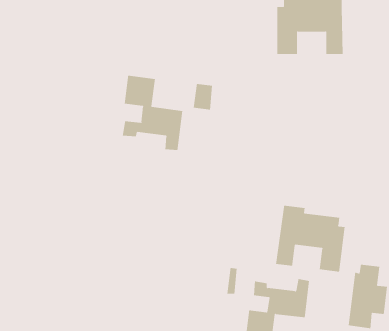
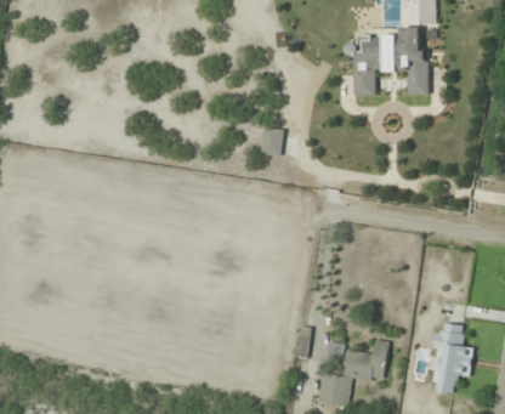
building: [122,75,183,151] -> none
building: [275,205,345,272] -> none

